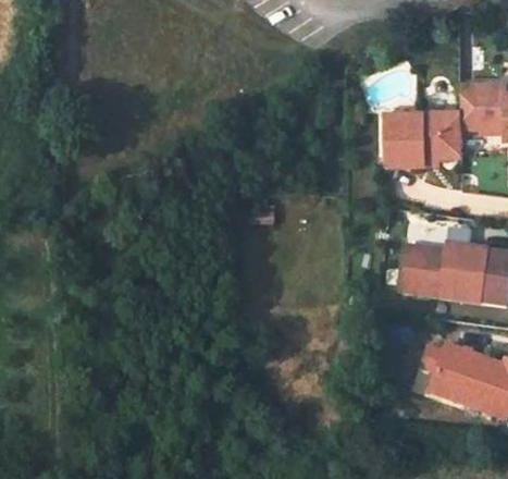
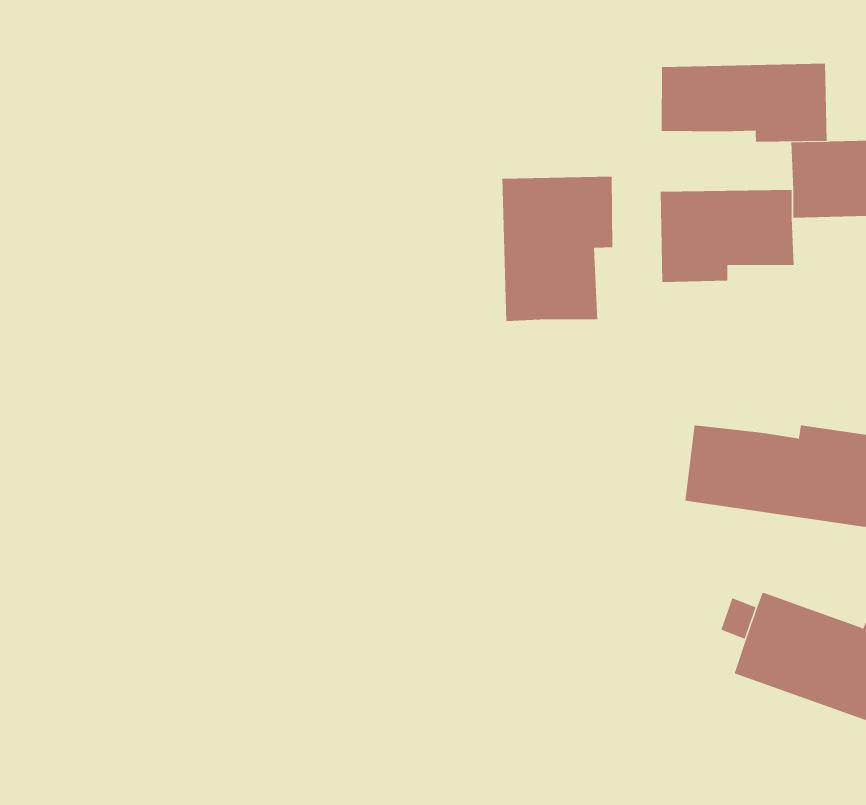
building: none -> [661,63,827,143]
building: none -> [502,176,613,322]

